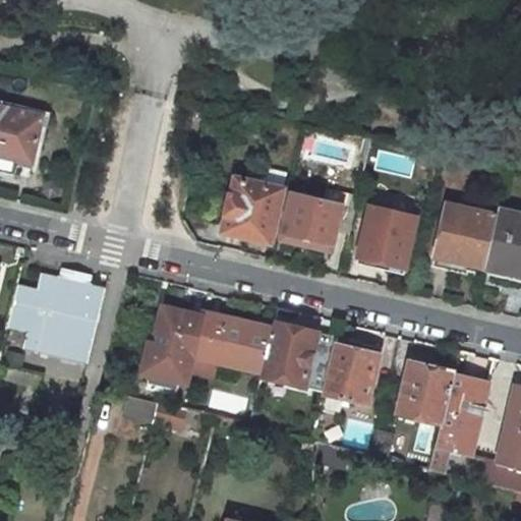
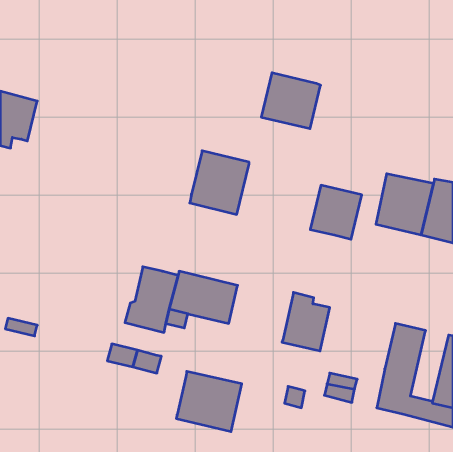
building: [277,189,345,253] -> [261,73,321,129]
building: [5,271,102,362] -> none
building: [262,322,337,391] -> [176,371,242,432]
building: [397,361,454,423] -> none

